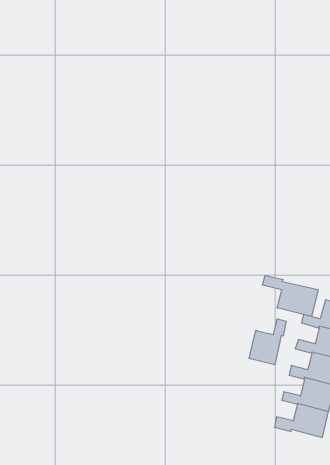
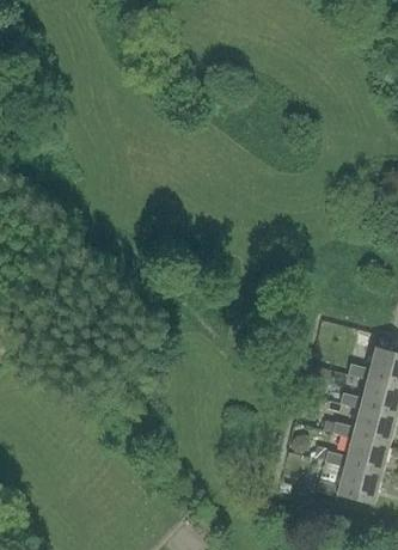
building: [263,275,318,316] -> none
building: [249,319,286,365] -> none

